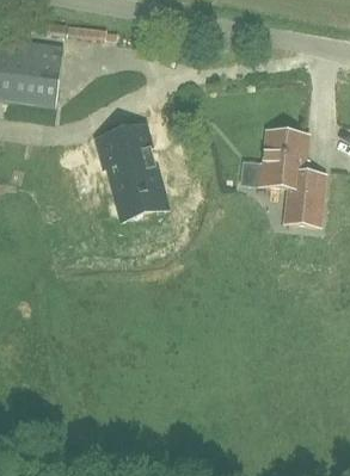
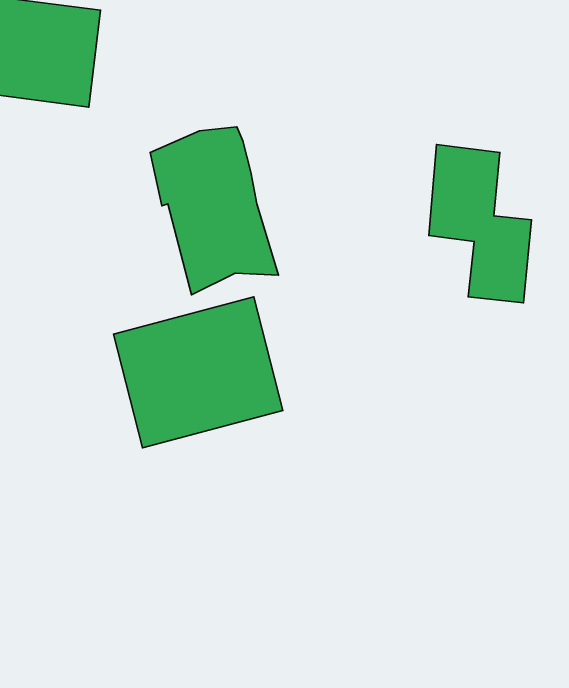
building: none -> [113,297,283,448]

